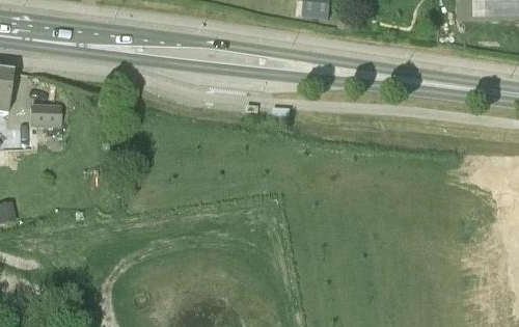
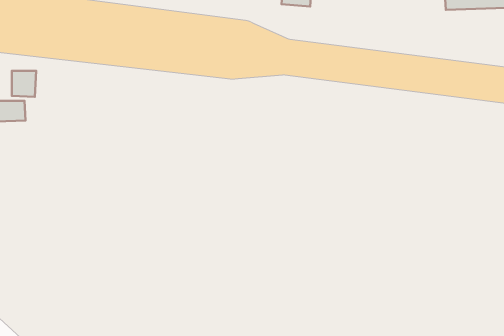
building: none -> [12,71,36,97]

